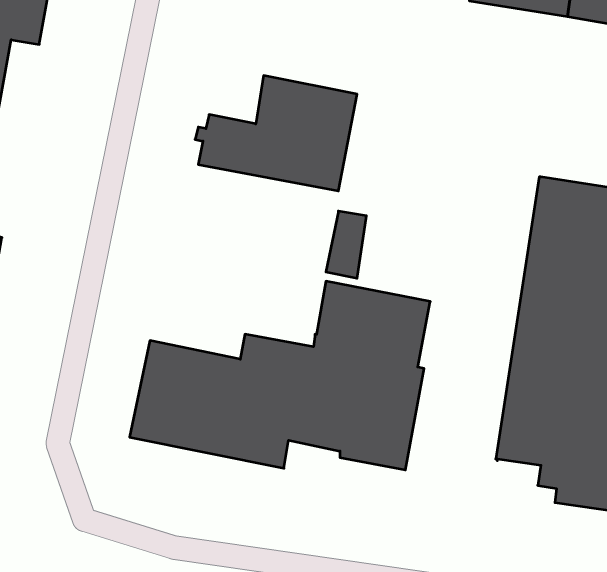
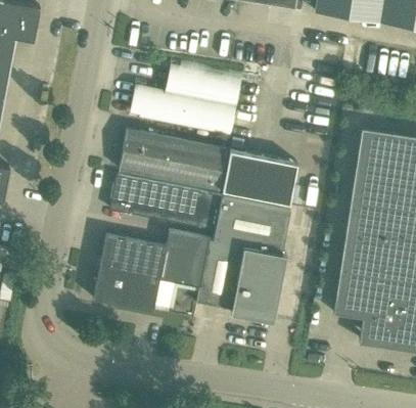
building: none -> [119,130,227,189]
building: none -> [242,153,297,203]
building: none -> [110,176,222,231]

